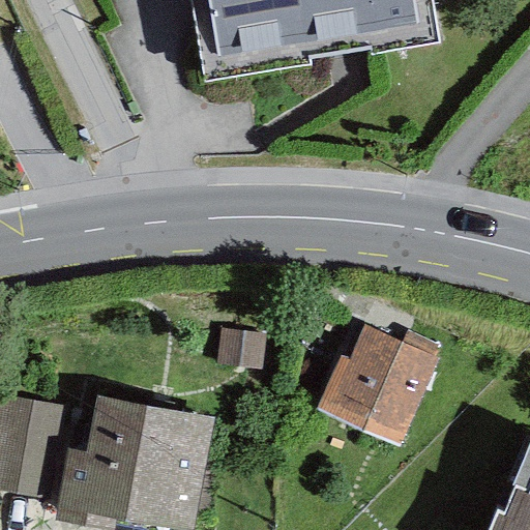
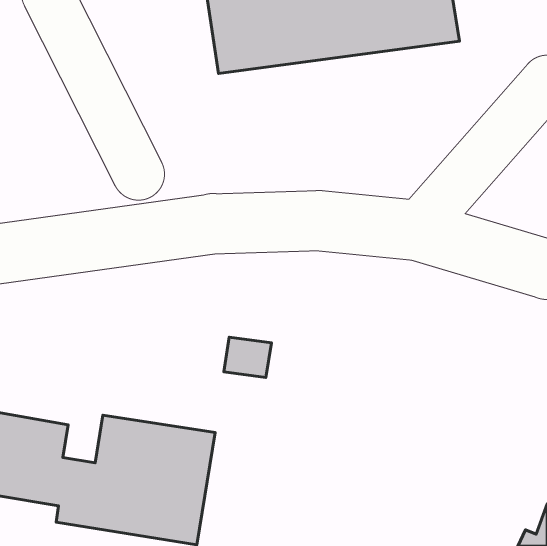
building: [323,330,431,437] -> none

